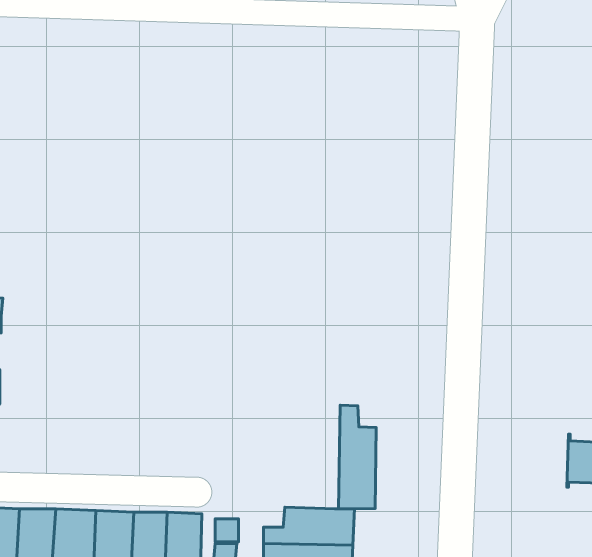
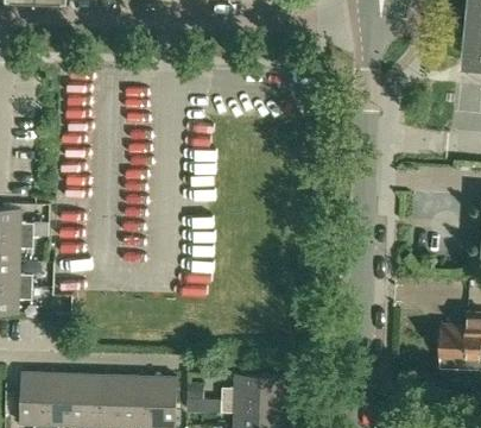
building: [338,405,376,509] -> none

